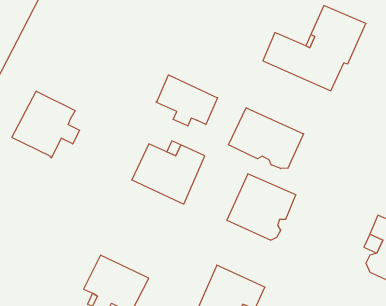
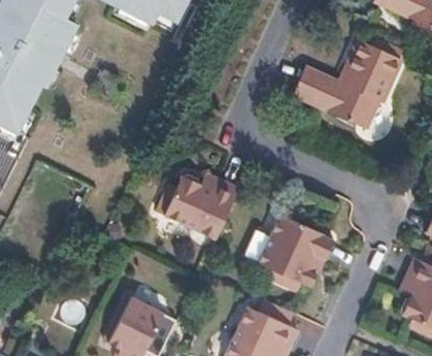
building: [156,75,218,126] -> none
building: [12,91,80,158] -> none
building: [228,108,304,169] -> none

